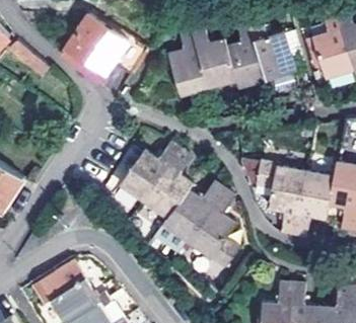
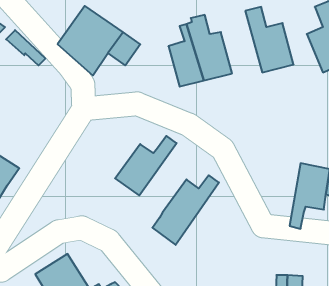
building: [225,18,267,86] -> none
building: [143,151,195,221] -> none
building: [255,161,305,234] -> none
building: [187,190,239,270] -> none

